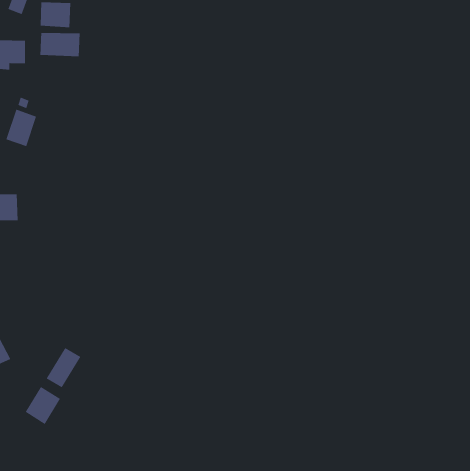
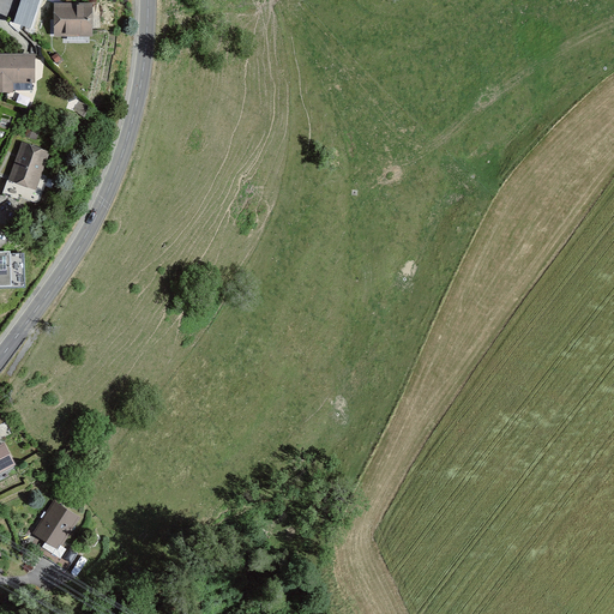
building: [40,32,80,57] -> none
building: [46,347,81,388] -> none

